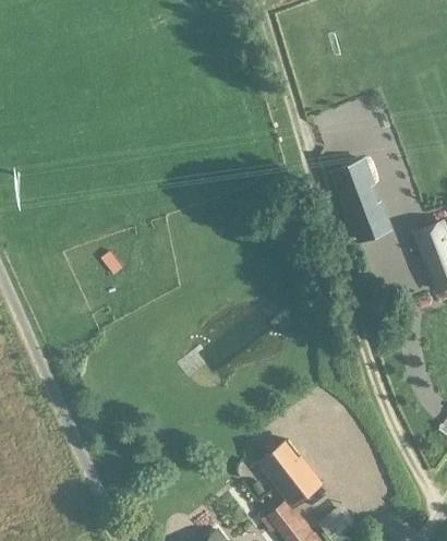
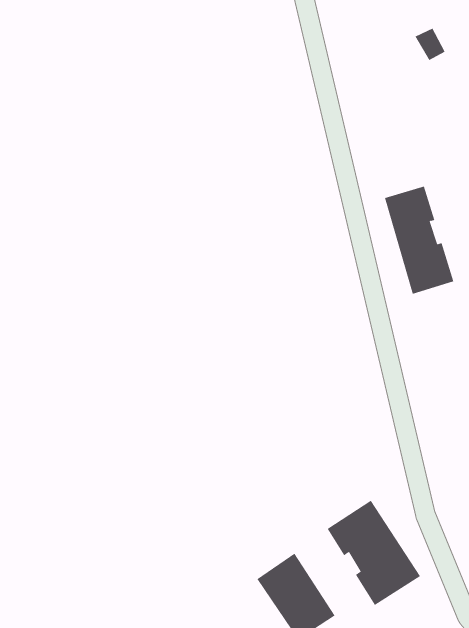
building: none -> [327,500,421,606]

